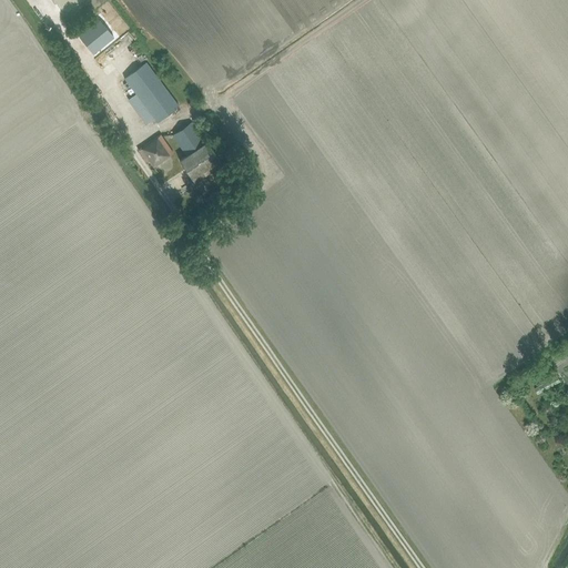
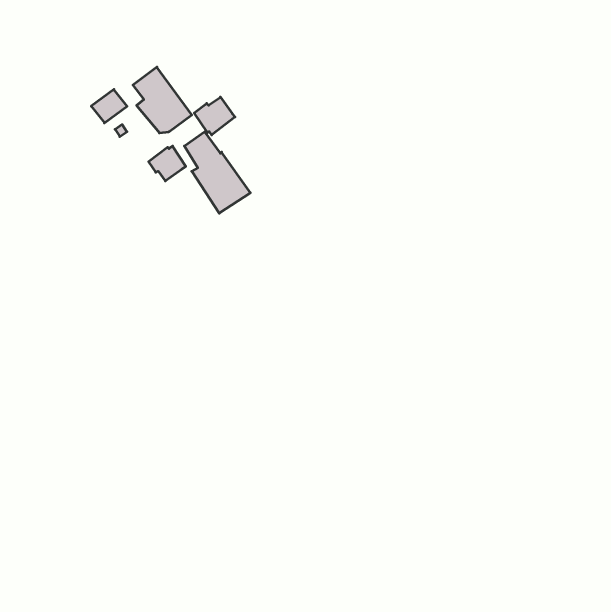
building: [79,22,112,53] -> [91,89,127,123]
building: none -> [194,97,235,135]

